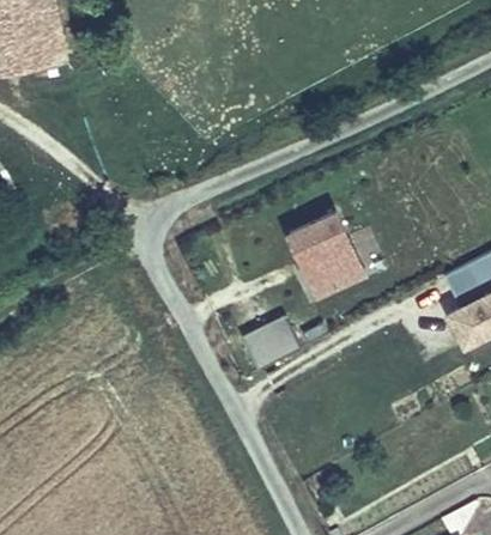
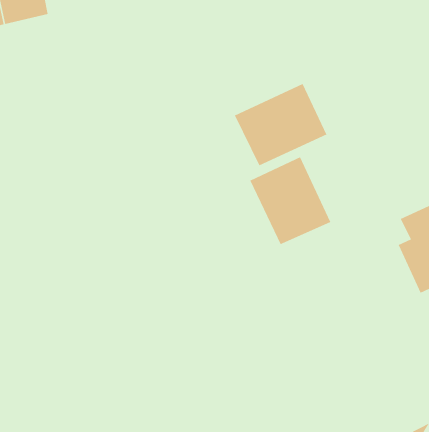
building: none -> [234,83,327,166]
building: [246,317,301,367] -> none

